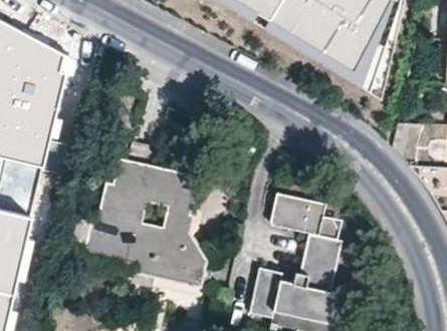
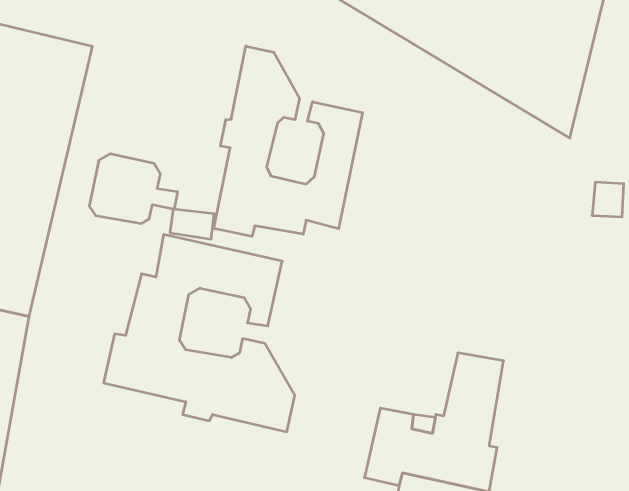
building: none -> [214,46,363,236]
building: [268,192,341,239] -> none
building: [132,193,188,237] -> [89,154,178,223]

